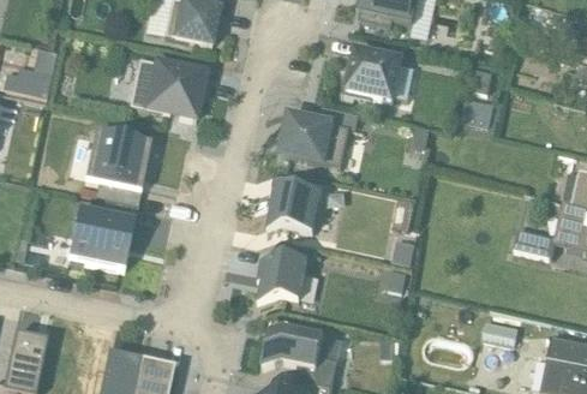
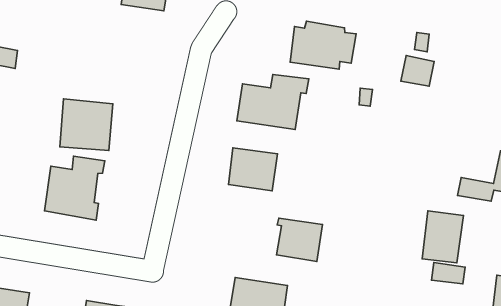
building: [128,49,204,109] -> none
building: [258,255,310,304] -> [277,218,323,261]
building: none -> [422,211,463,263]

